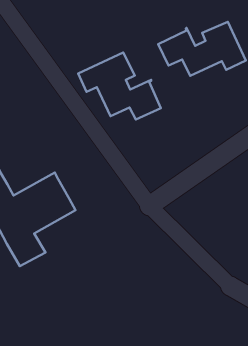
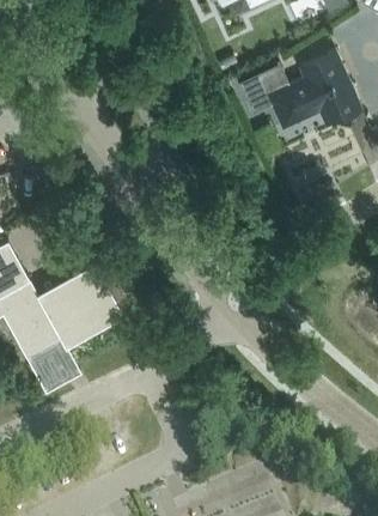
building: [78,52,161,120] -> none

